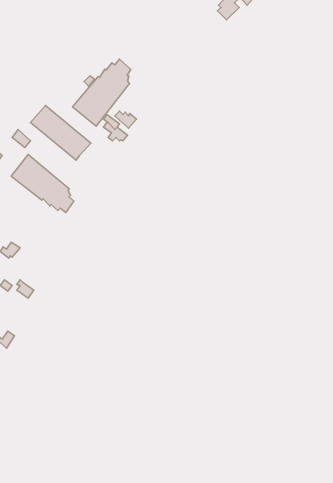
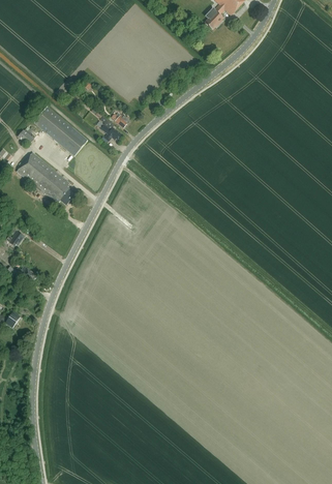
building: [73,59,131,126] -> none

